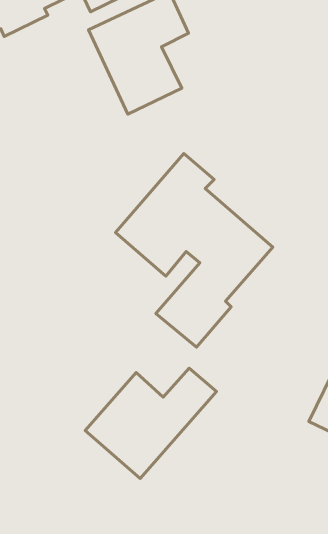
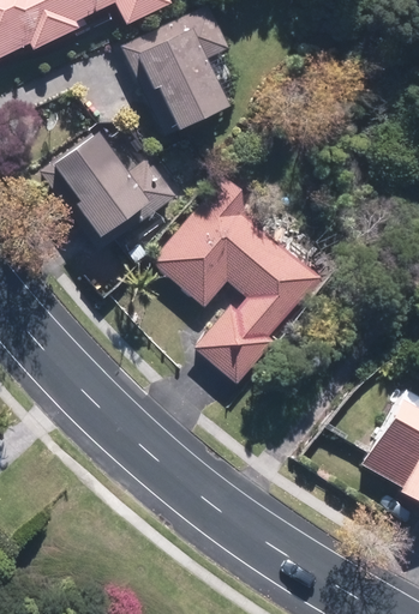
building: none -> [38,131,180,241]
building: [85,368,216,479] -> none

